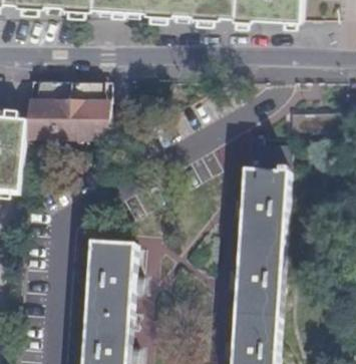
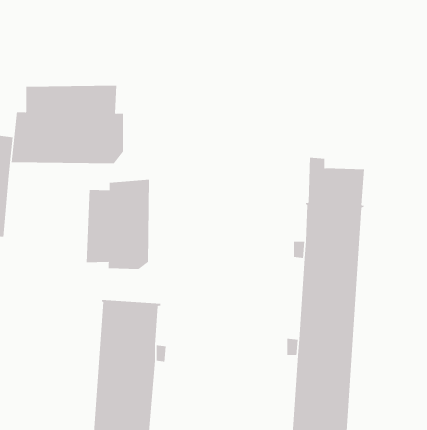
building: none -> [86,179,150,270]

